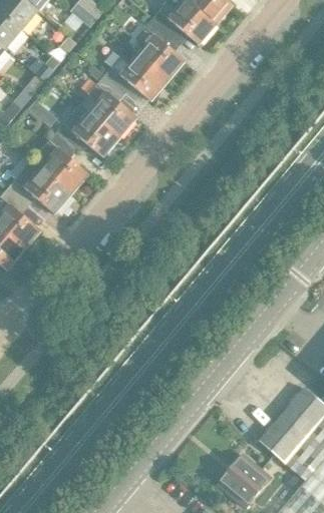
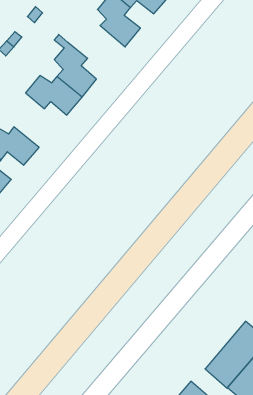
building: [104,56,169,99] -> none
building: [41,131,89,192] -> none

